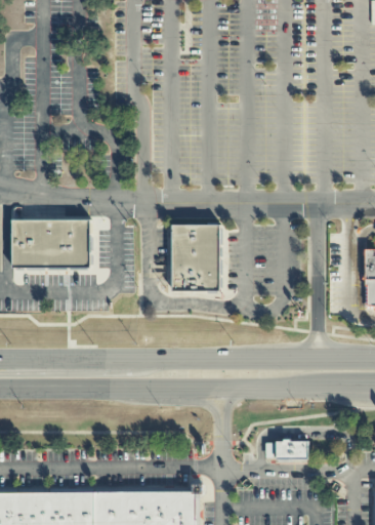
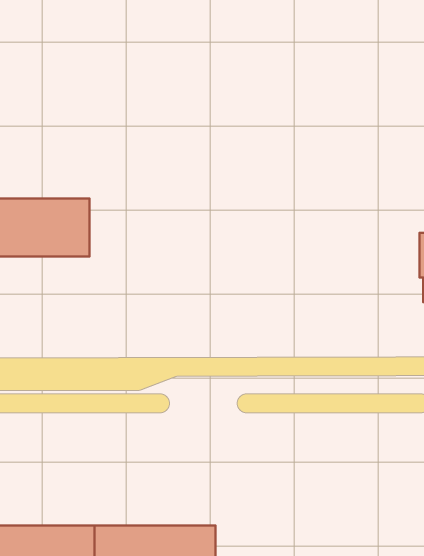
building: [171,225,220,293] -> none
building: [276,441,307,459] -> none

